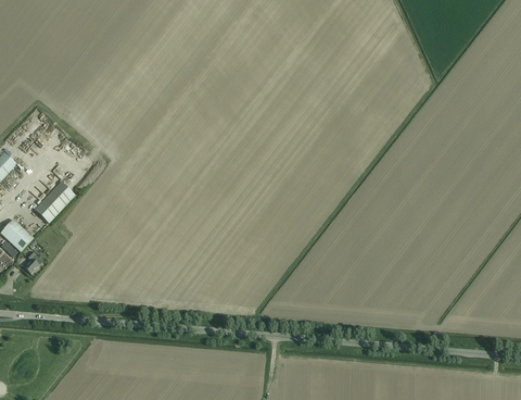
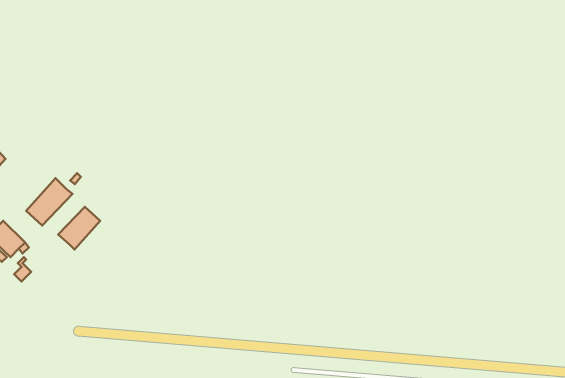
building: none -> [58,207,100,250]

